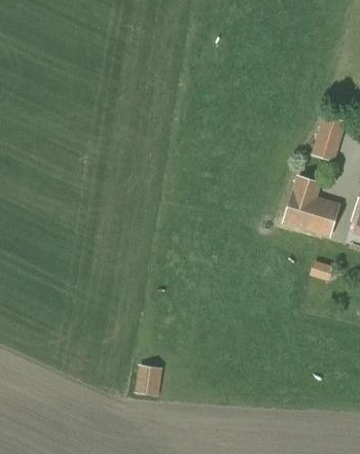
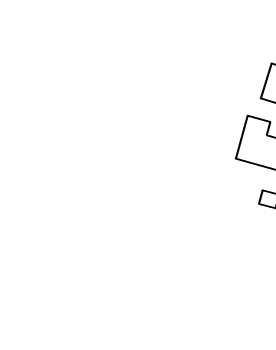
building: [135,364,161,395] -> none

